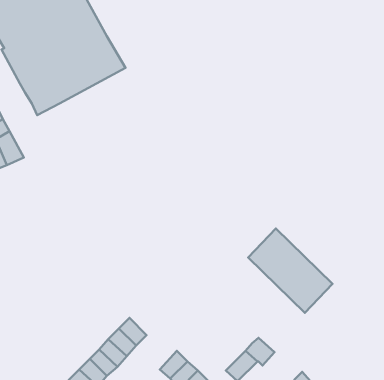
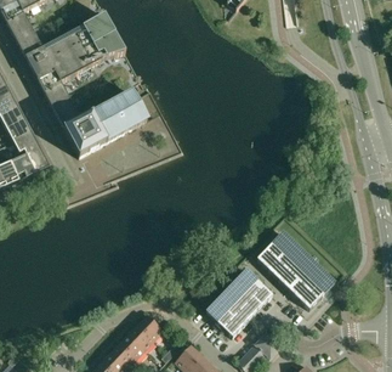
building: none -> [62,89,146,154]
building: none -> [205,267,272,336]

